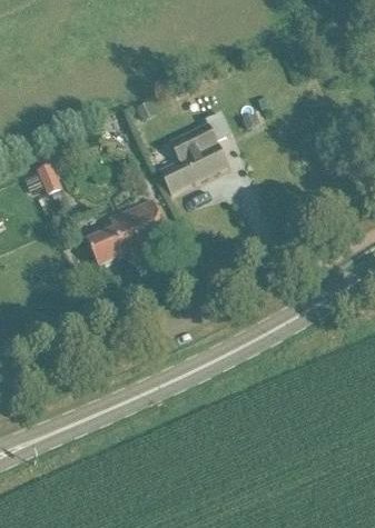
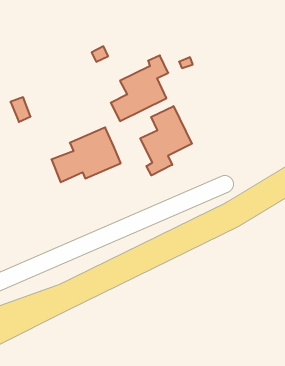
building: none -> [140,106,192,175]

